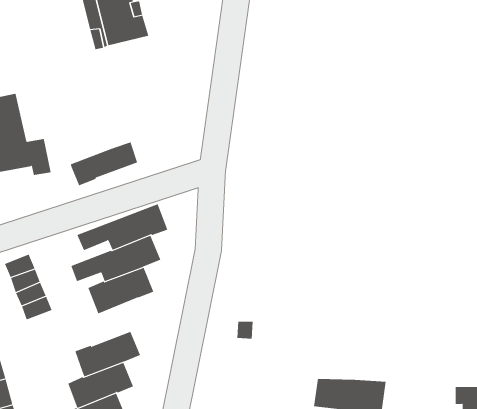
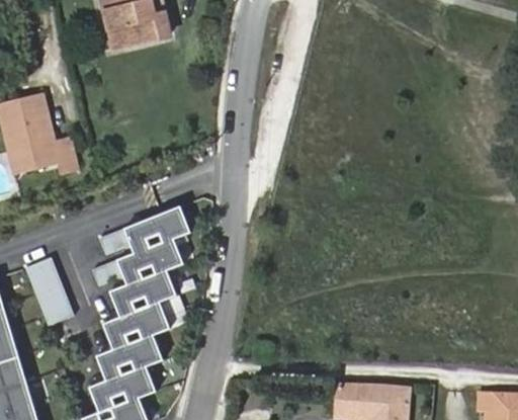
building: [70,141,138,186] -> none
building: none -> [102,302,170,350]

